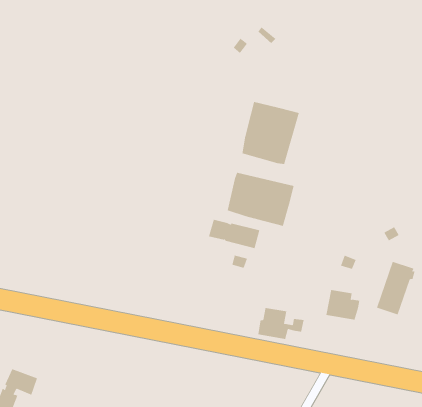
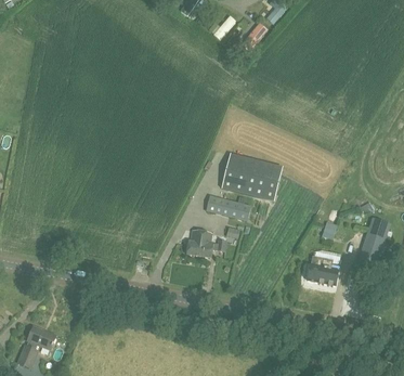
building: [242,101,299,165] -> none
building: [258,307,304,339] -> [185,229,226,257]

